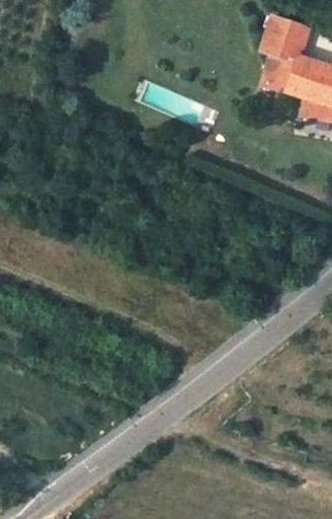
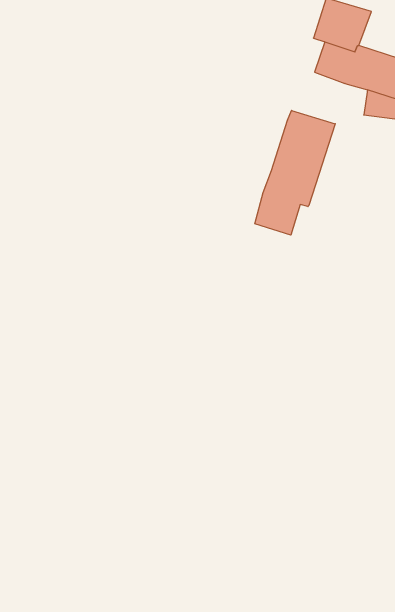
building: none -> [255,110,335,235]

